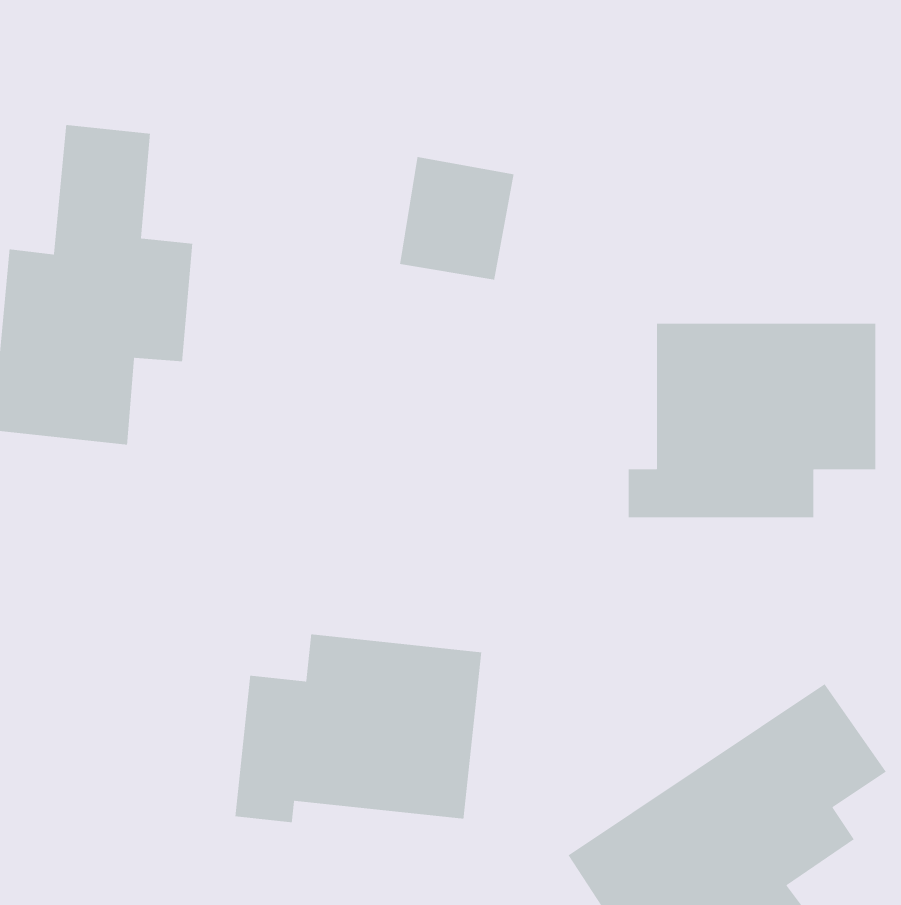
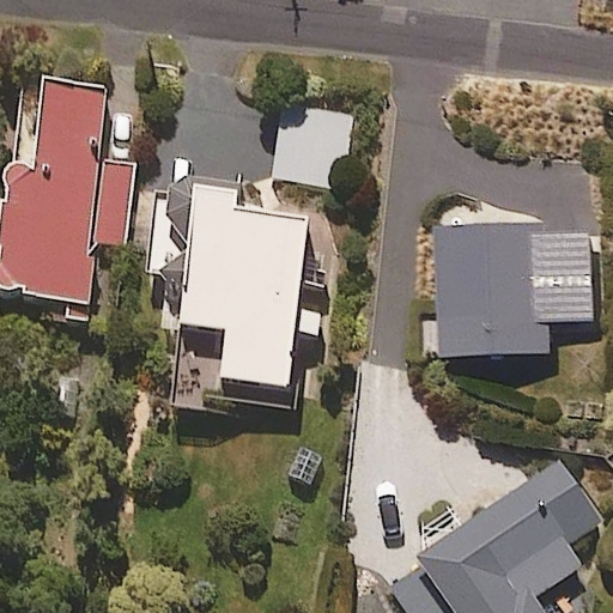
building: none -> [181,188,305,388]
building: [235,633,482,823] -> none

